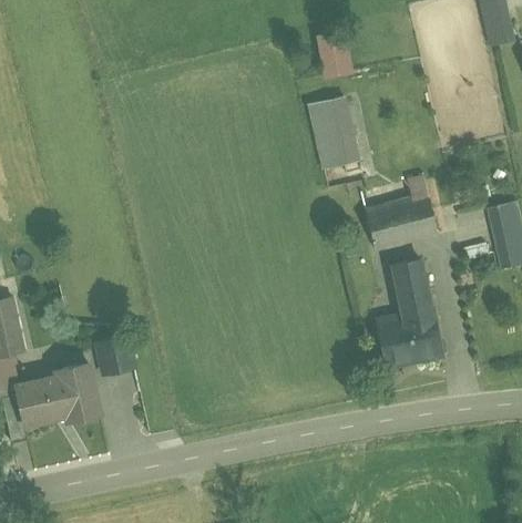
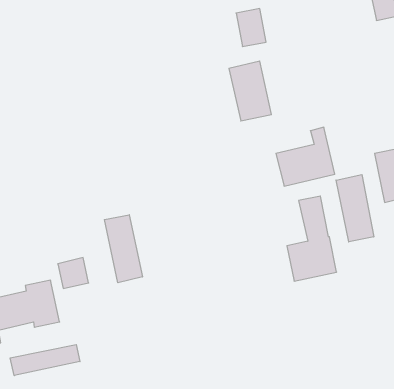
building: none -> [336,175,374,242]
building: none -> [104,215,142,283]
building: none -> [10,345,80,376]

